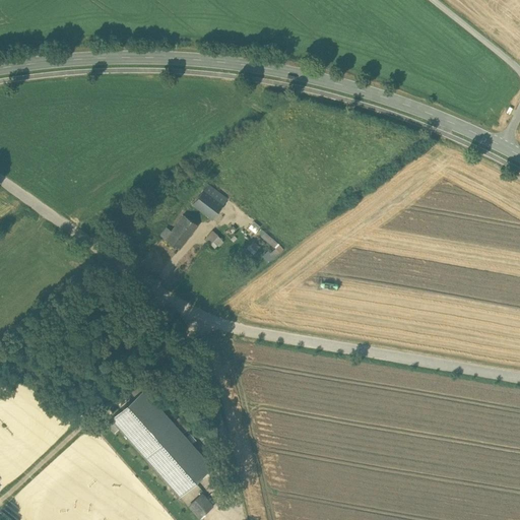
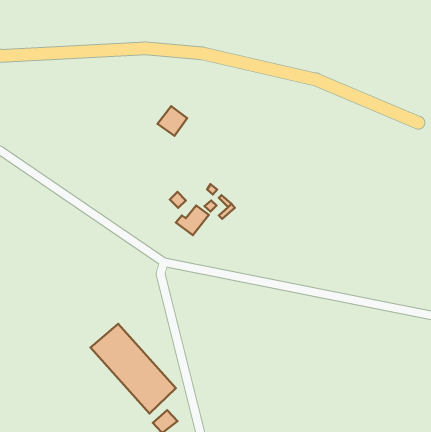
building: [192,184,228,219] -> [158,106,187,136]
building: [159,214,199,250] -> [176,205,209,235]

